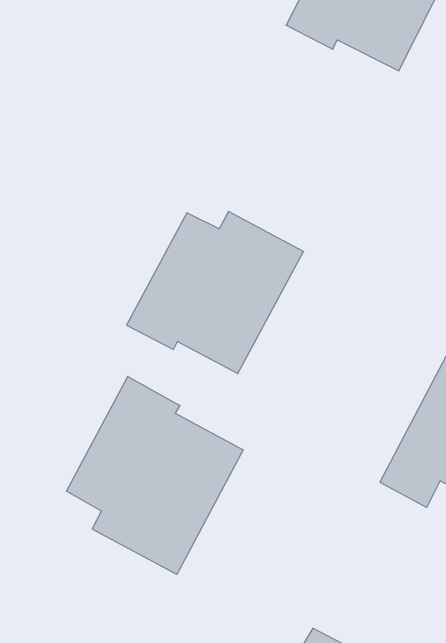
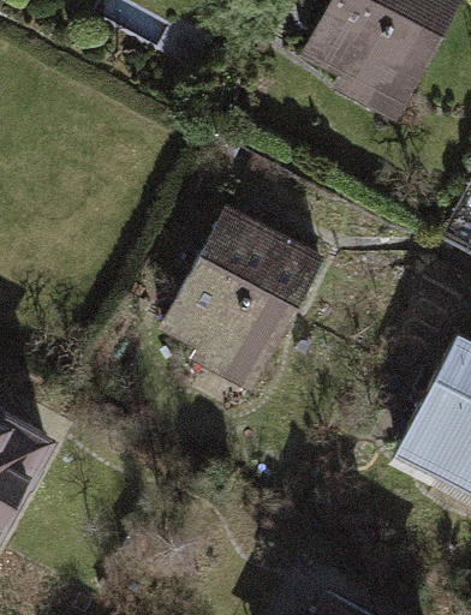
building: [66,376,243,574] -> none

